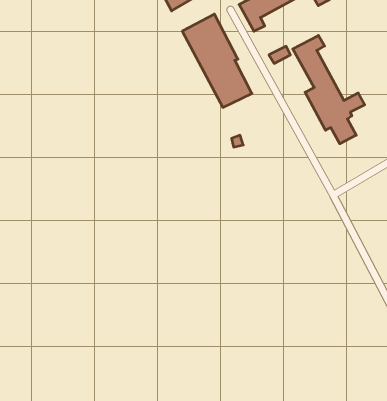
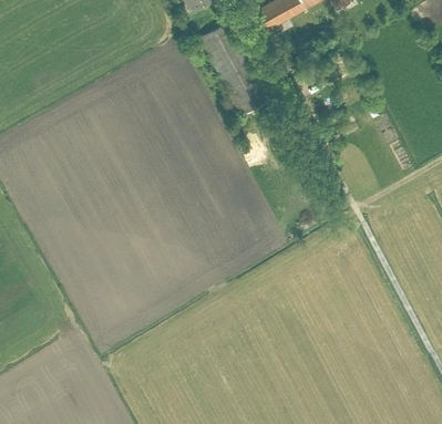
building: [293,35,365,144] -> none

